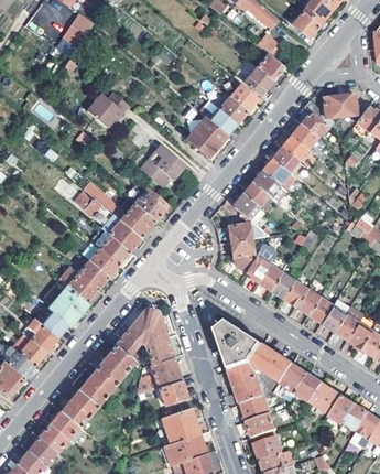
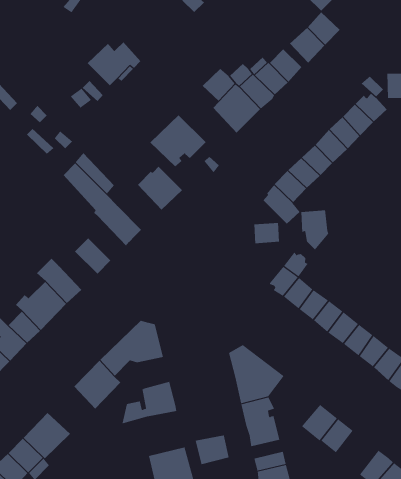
building: [120,203,159,241] -> none
building: [94,230,130,265] -> none
building: [231,238,256,271] -> [301,210,329,251]
building: [78,256,109,290] -> none
building: [146,337,174,364] -> none
building: [253,344,294,379] -> none
building: [79,367,117,405] -> none
building: [159,379,187,405] -> [195,435,229,465]
building: [311,383,344,414] -> none

